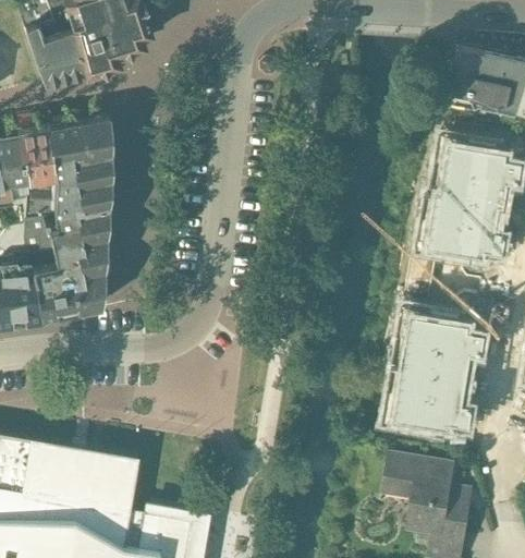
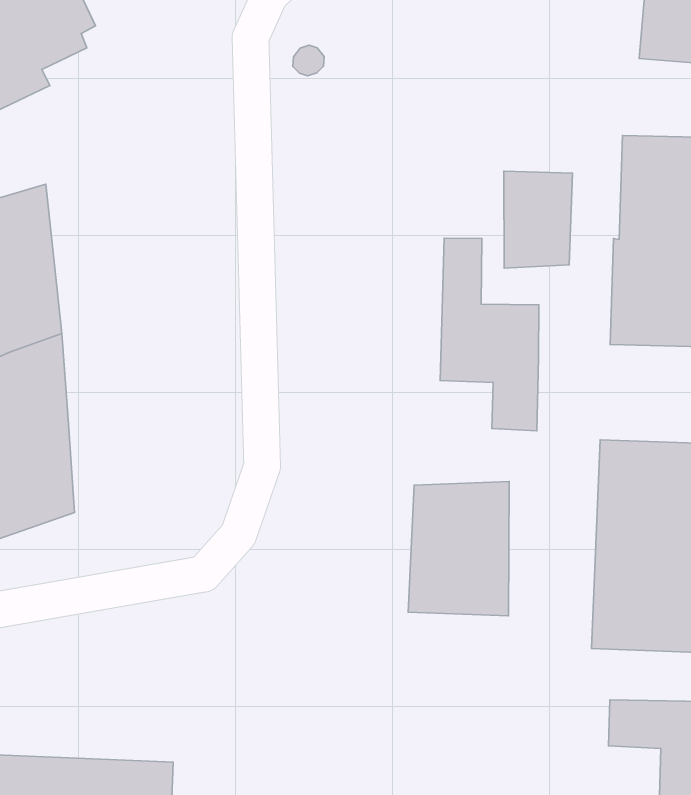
building: none -> [504,171,573,268]
building: none -> [440,238,539,431]
building: none -> [408,481,509,616]

